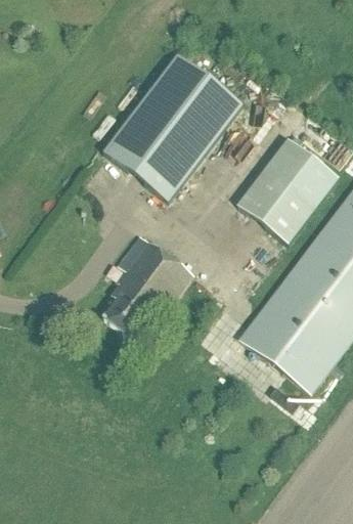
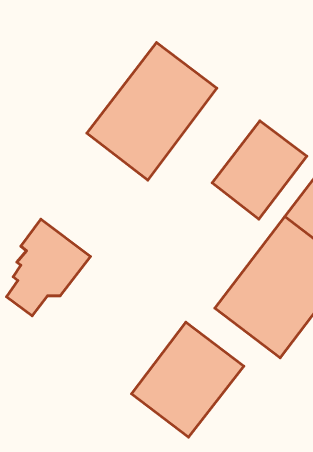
building: [104,235,194,339] -> [6,219,91,316]
building: none -> [132,322,244,437]

